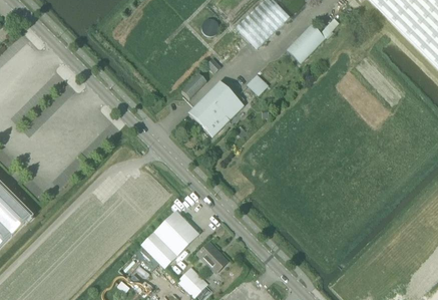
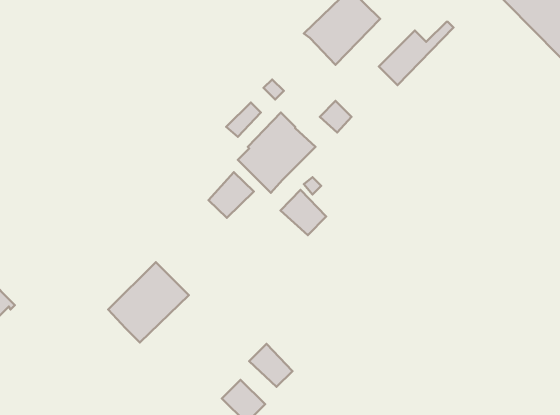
building: none -> [208,172,254,218]
building: none -> [280,190,326,235]
building: [141,211,197,267] -> [108,262,189,343]

